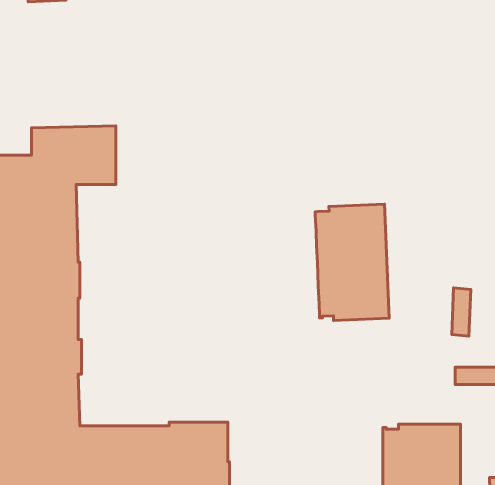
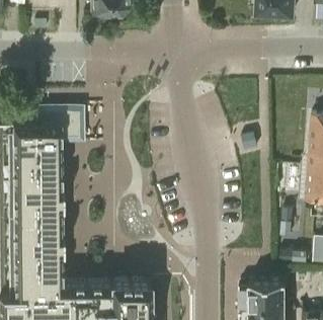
building: [315,204,389,320] -> none

